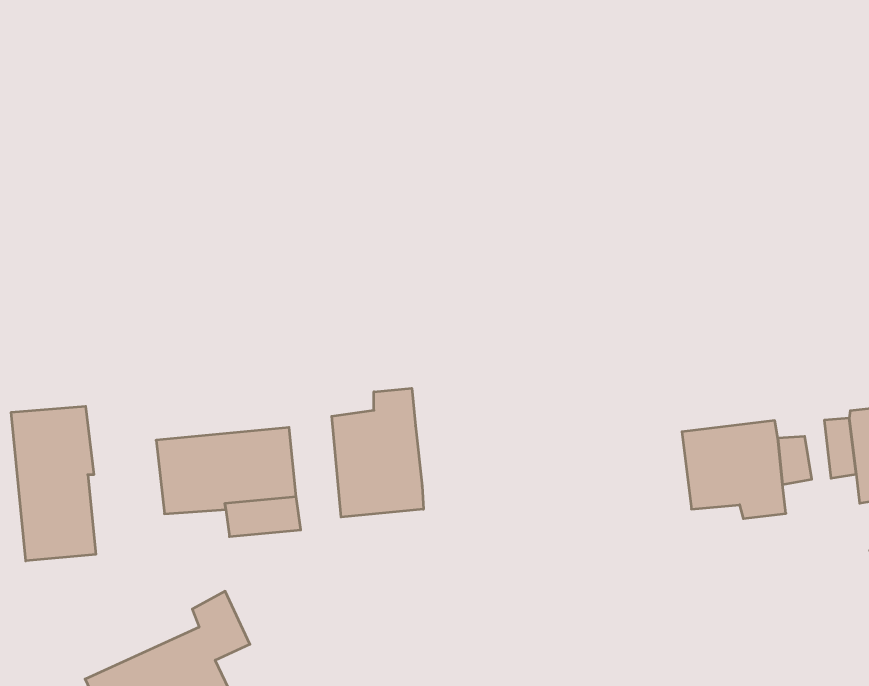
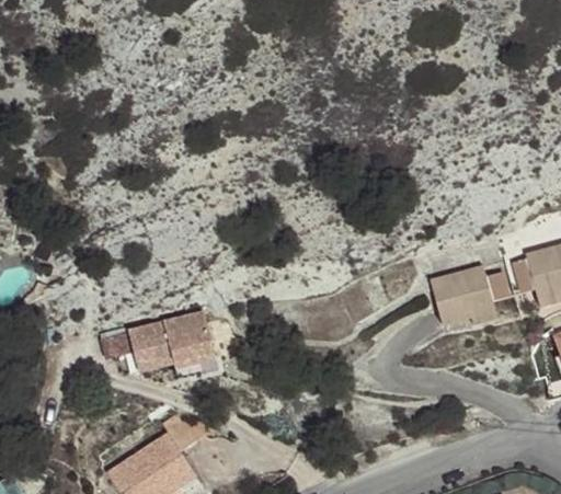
building: [332,388,423,517] -> none
building: [11,406,96,561] -> none

